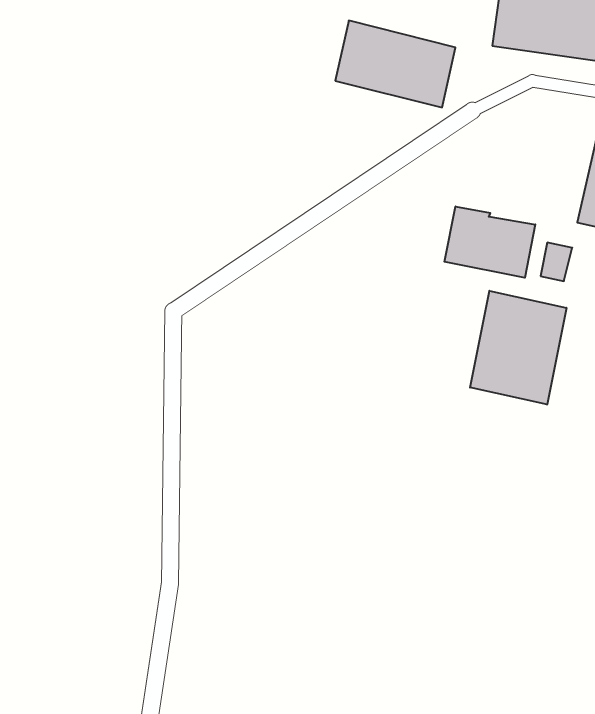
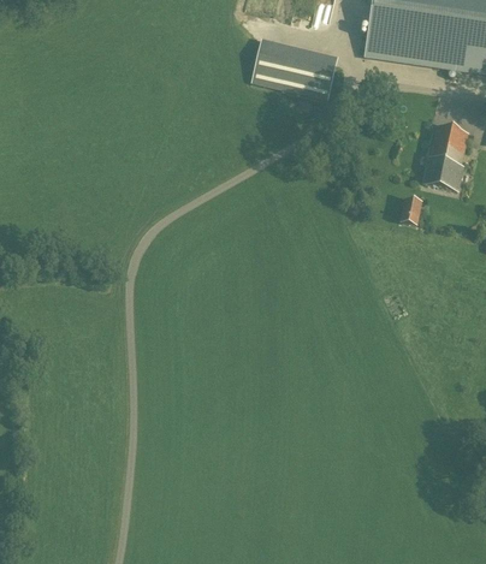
building: [444,206,535,278] -> none
building: [470,291,566,405] -> none

